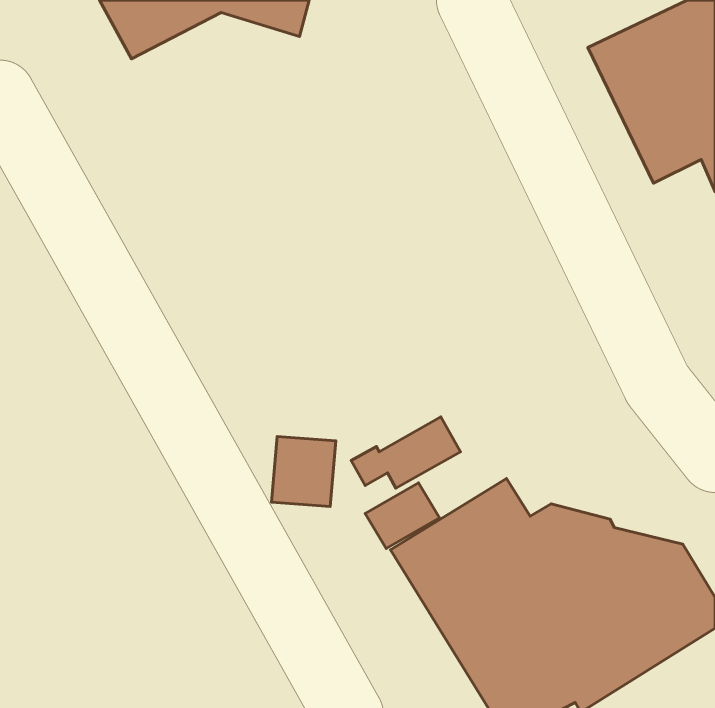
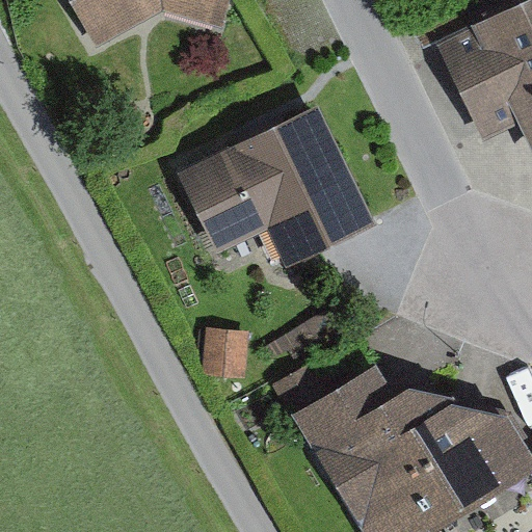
building: none -> [178,103,375,266]

